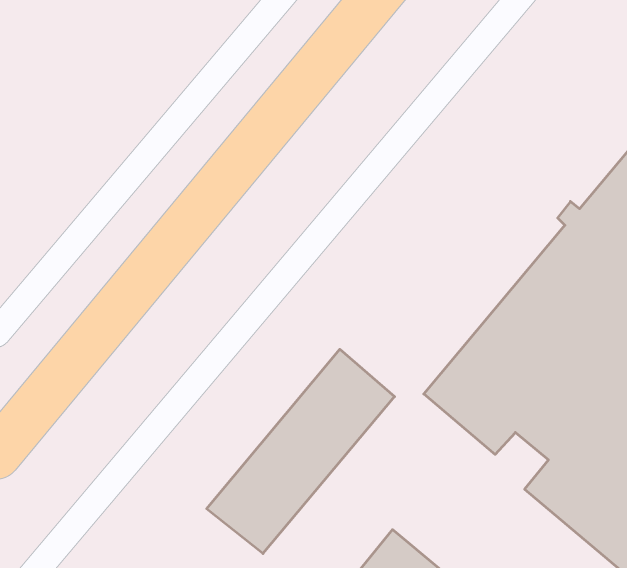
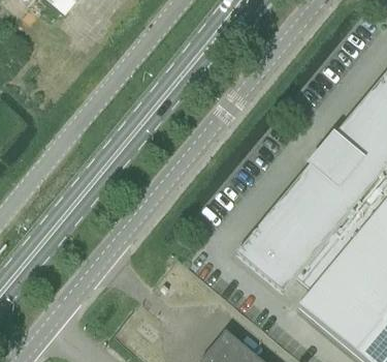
building: [207,349,395,554] -> none

